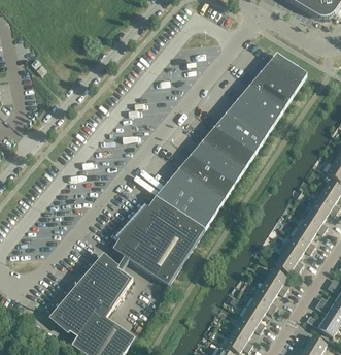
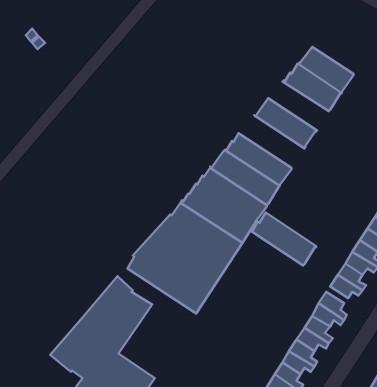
building: [261,52,307,92] -> none
building: [226,98,274,137] -> none
building: [202,125,254,167] -> [250,212,316,265]

